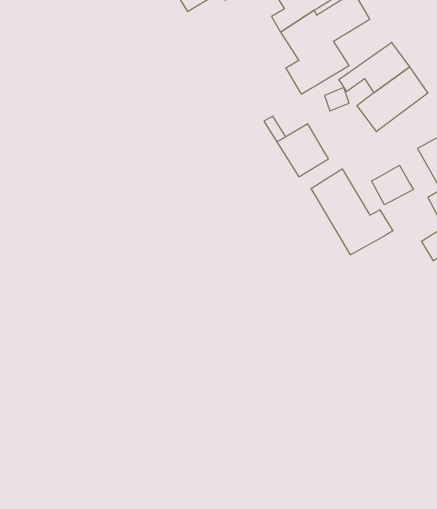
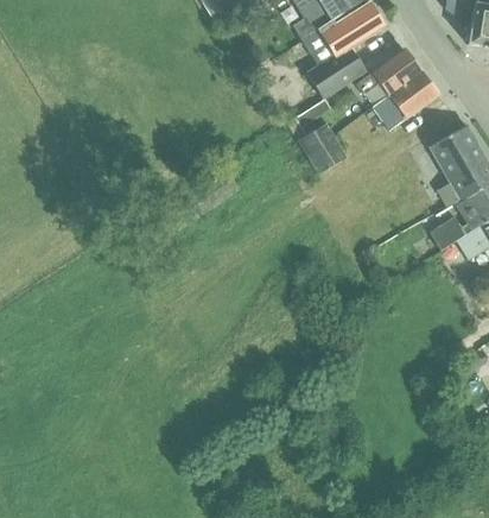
building: [372,165,413,205] -> none
building: [311,169,393,255] -> none

